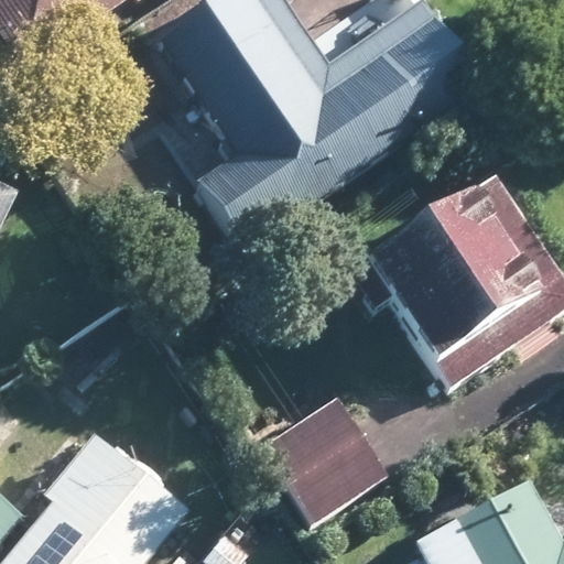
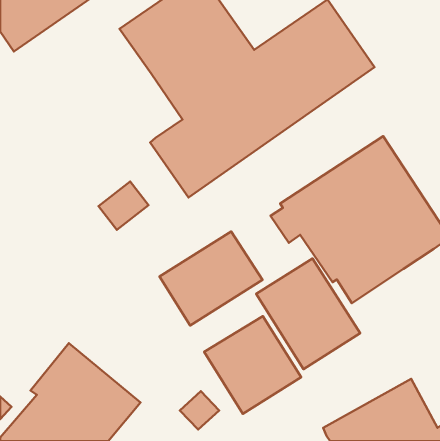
building: none -> [160,232,263,326]
building: none -> [256,258,360,369]

